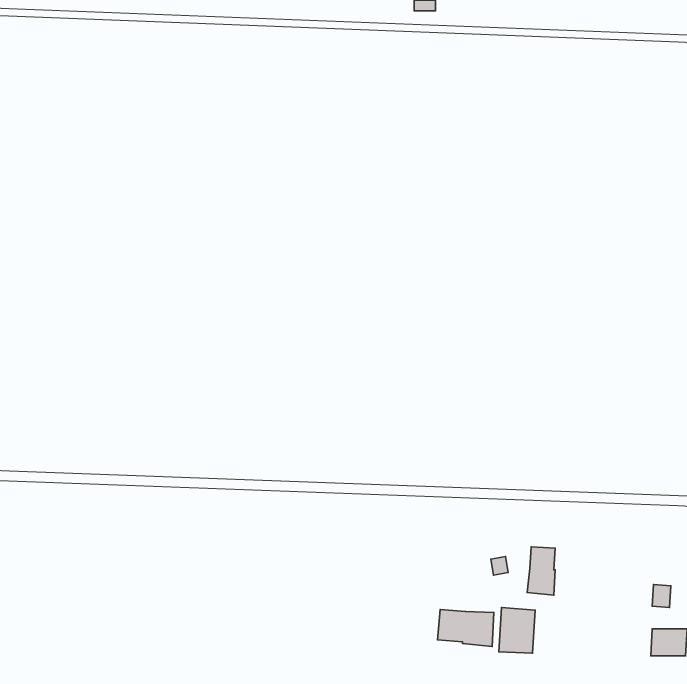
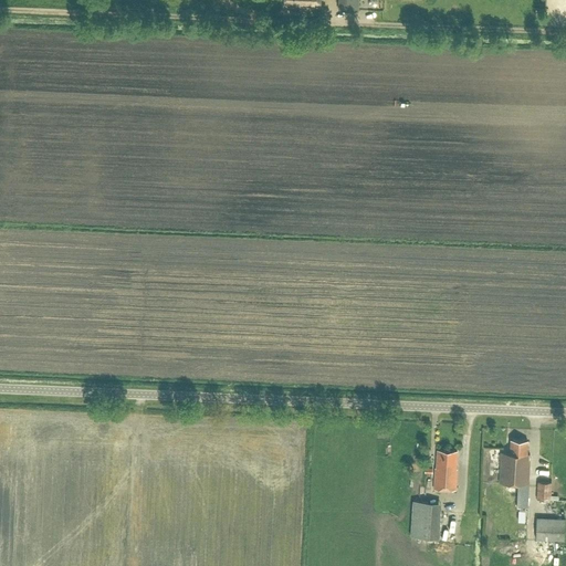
building: none -> [500,441,530,520]
building: [437,609,494,647] -> none

